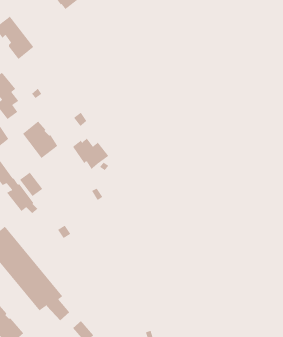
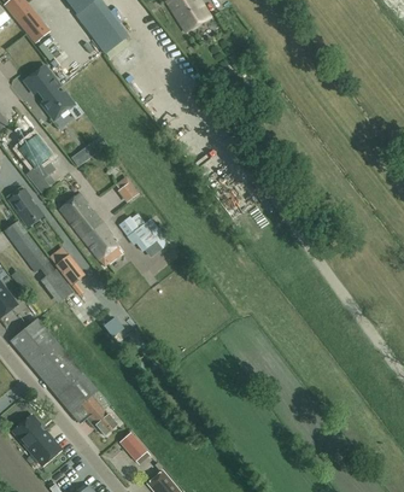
building: none -> [81,222,118,262]

